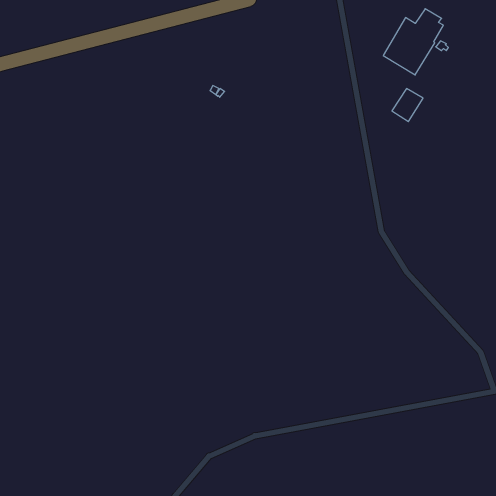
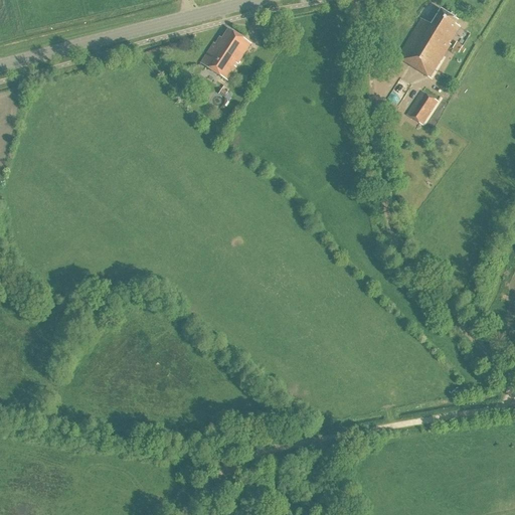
building: none -> [199,28,250,79]

